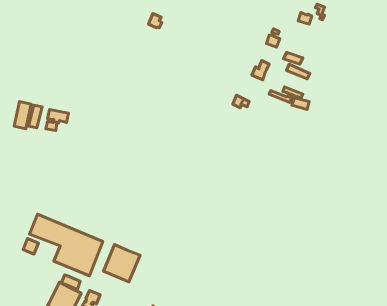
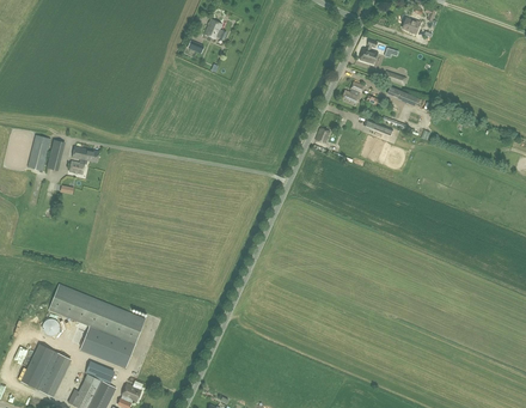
building: [103,244,140,282] -> none
building: none -> [19,342,69,396]

